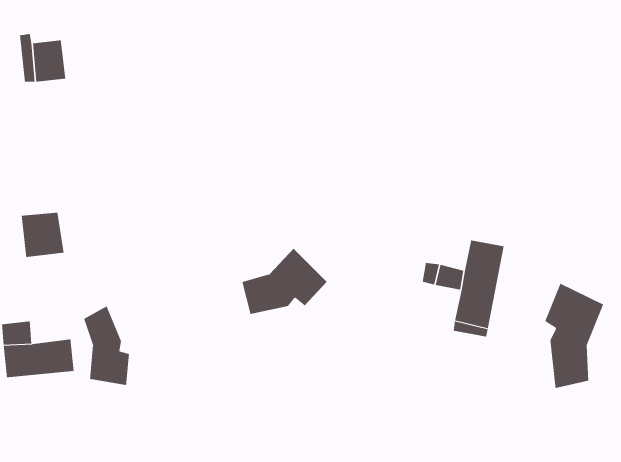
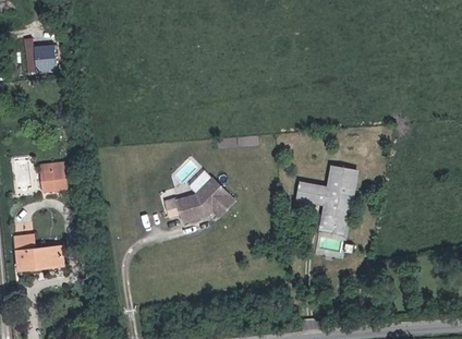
building: [544,283,604,389] -> none
building: [84,305,129,386] -> none

